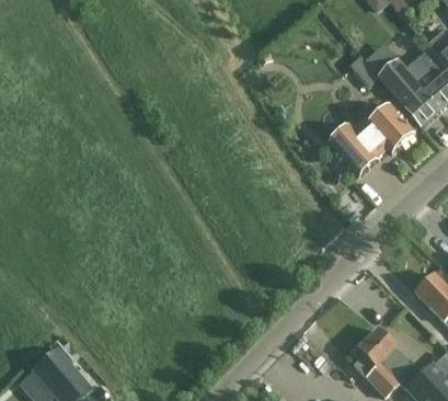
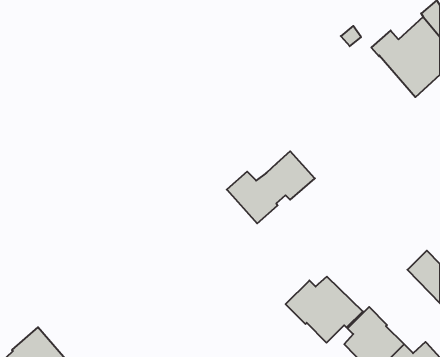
building: [331,103,416,173] -> [227,151,315,223]
building: none -> [286,277,363,343]

